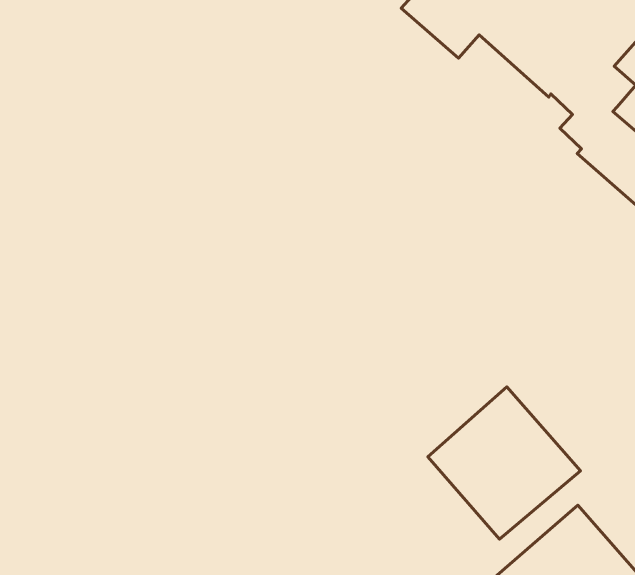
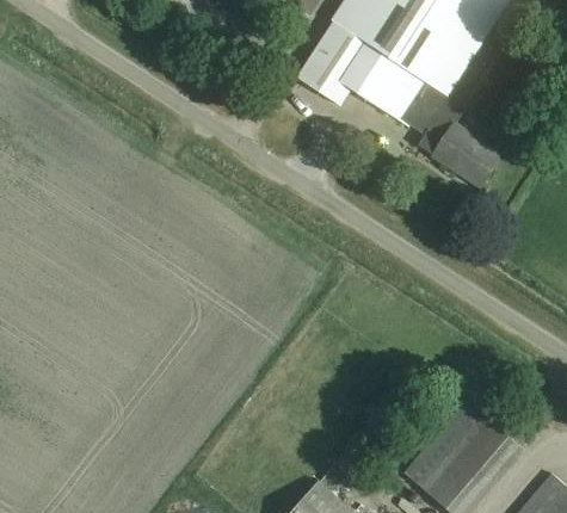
building: [428,387,581,539] -> none

